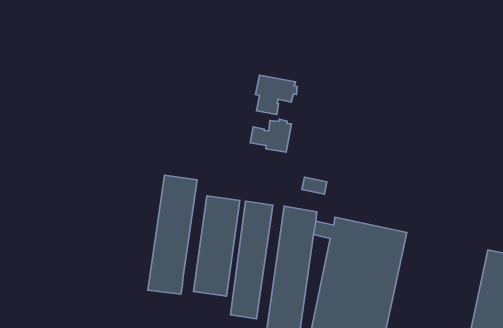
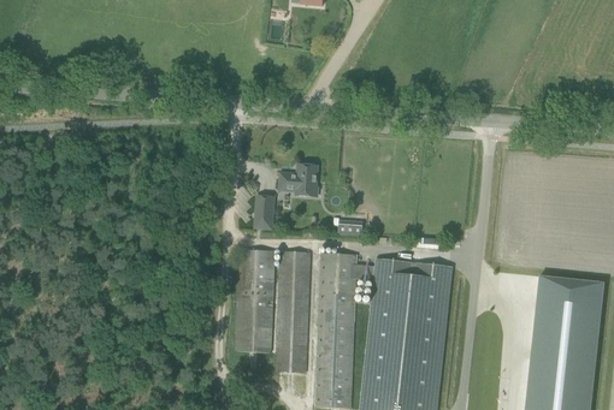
building: [255,75,297,115] -> none
building: none -> [254,196,274,228]
building: [148,175,197,294] -> none

